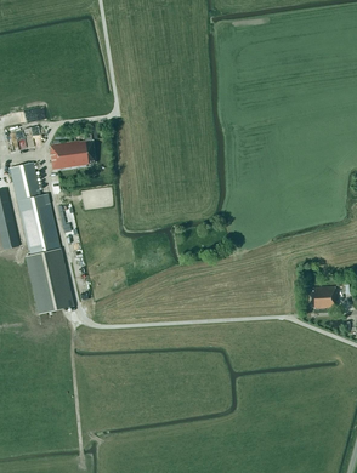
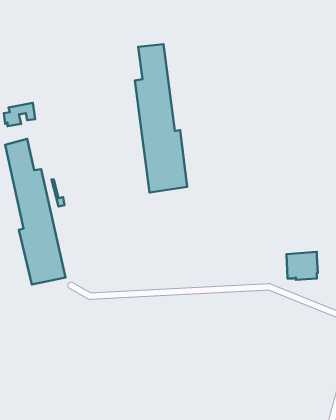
building: none -> [135,44,187,192]
building: [50,141,95,170] -> none

